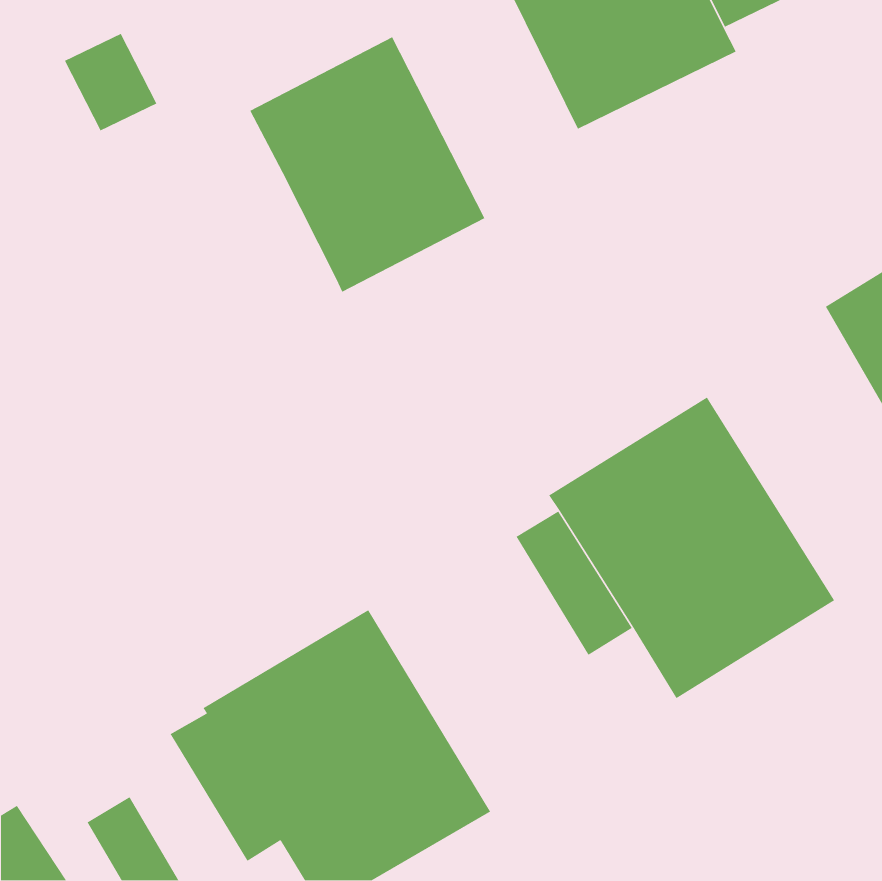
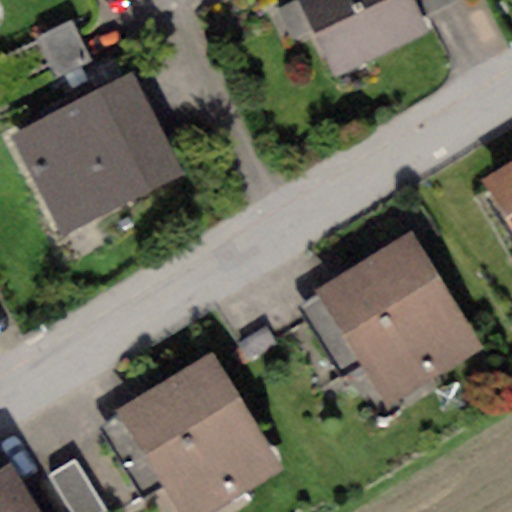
building: [249,36,485,293] -> none
building: none -> [12,76,182,235]

